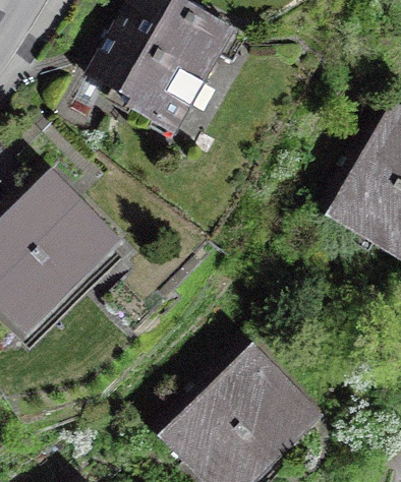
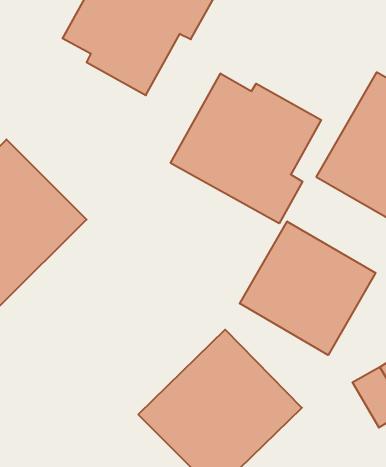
building: none -> [171,73,321,223]
building: none -> [240,221,376,355]

